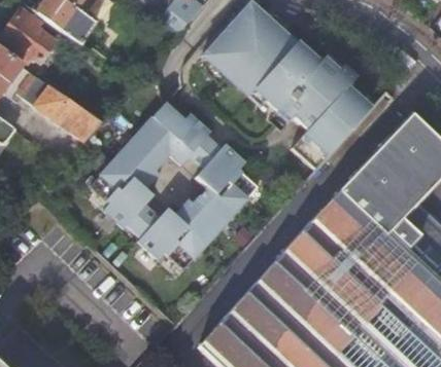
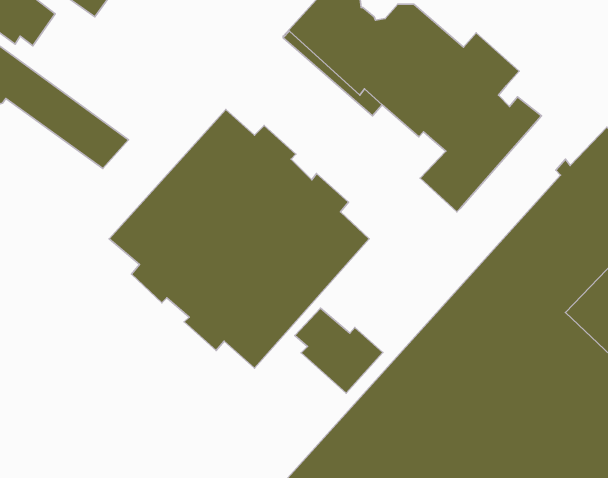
building: none -> [295,308,383,393]

